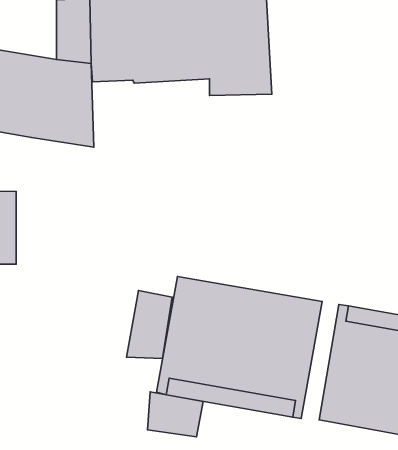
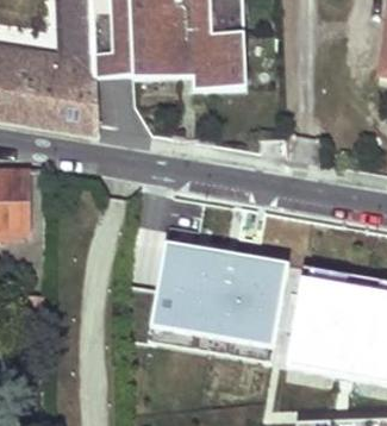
building: [127,290,172,358] -> none
building: [148,392,203,437] -> none

